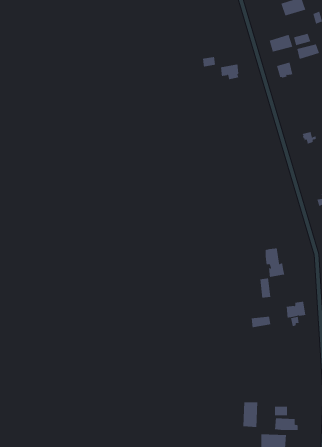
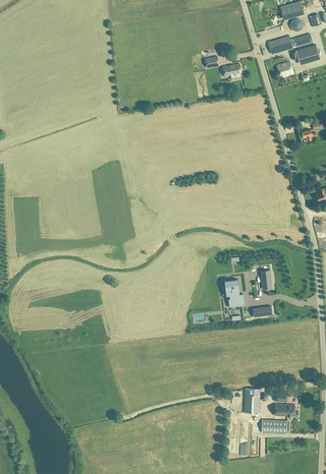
building: [265,248,285,277] -> [224,278,243,306]

